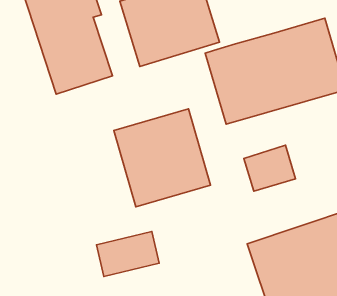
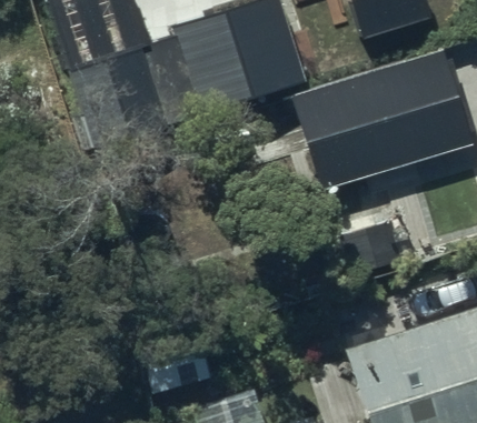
building: [114,109,211,207] -> none

